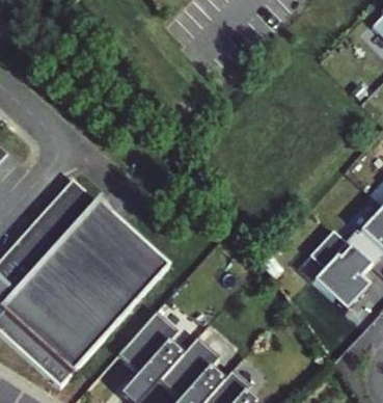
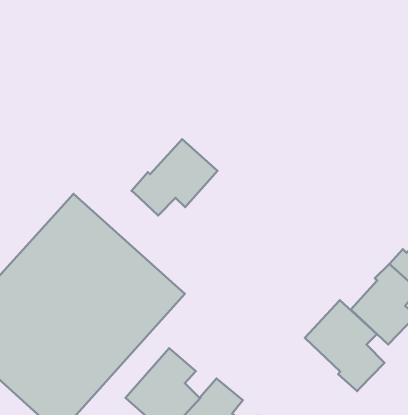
building: none -> [132,139,217,216]
building: none -> [305,300,385,391]

